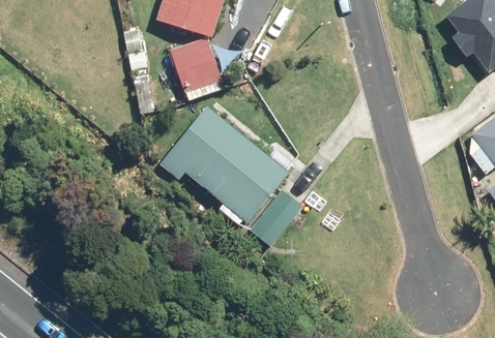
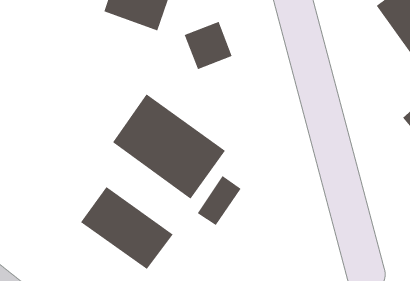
building: [174,43,226,95] -> [184,21,233,70]
building: none -> [80,186,173,270]

